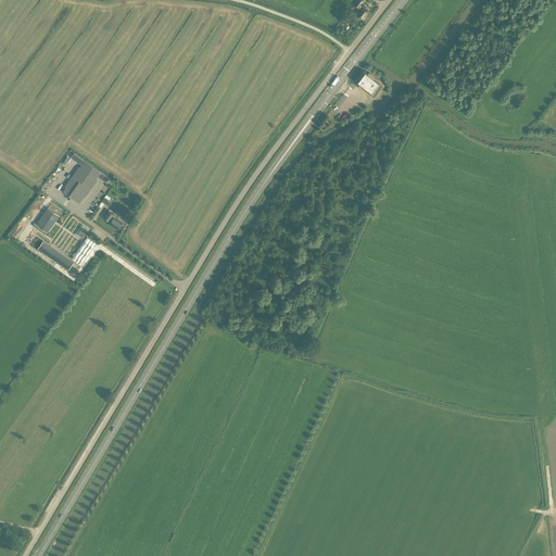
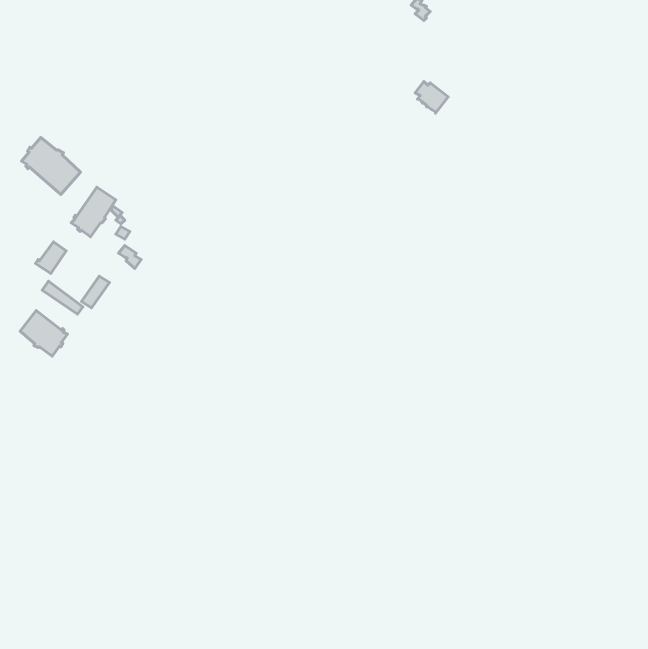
building: none -> [21,137,81,194]
building: none -> [20,310,68,356]

